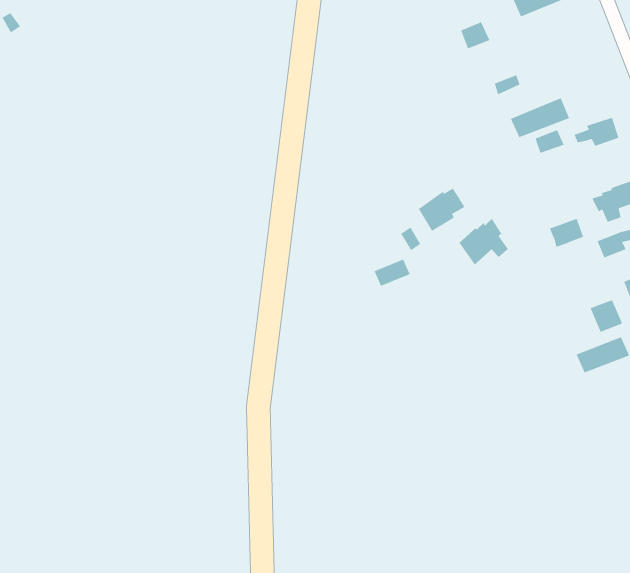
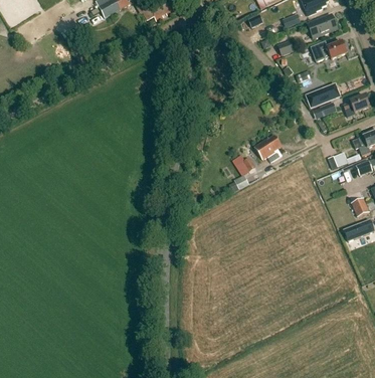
building: none -> [311,41,347,61]
building: [458,218,509,265] -> none

